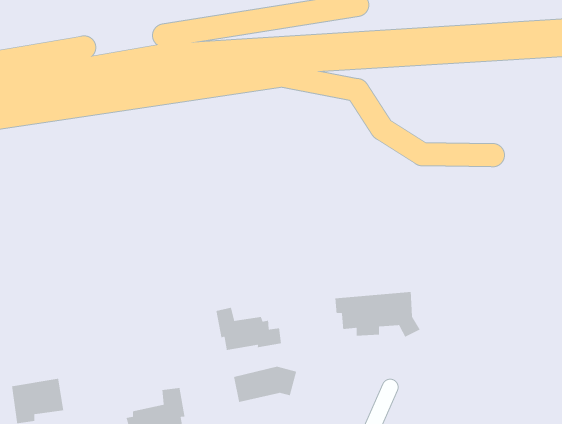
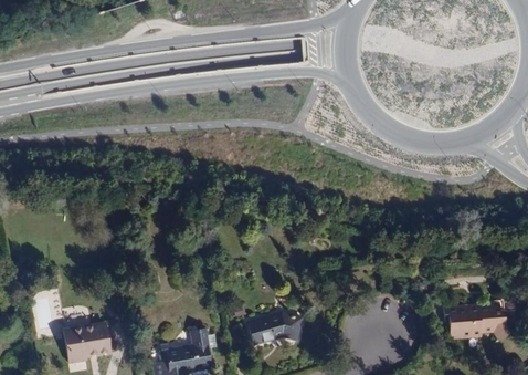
building: [334,291,421,338] -> [440,302,511,341]
building: [216,307,282,351] -> none

